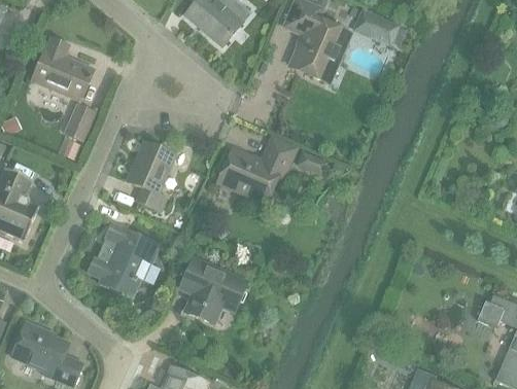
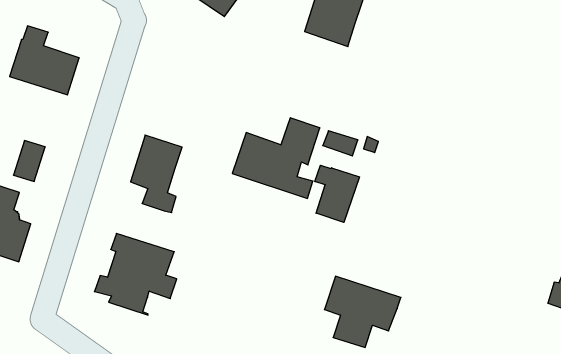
building: [65,104,95,140] -> [13,141,45,181]
building: none -> [315,165,359,222]
building: [180,258,247,322] -> [324,276,401,347]

